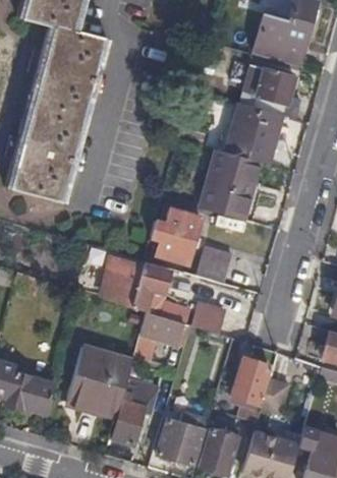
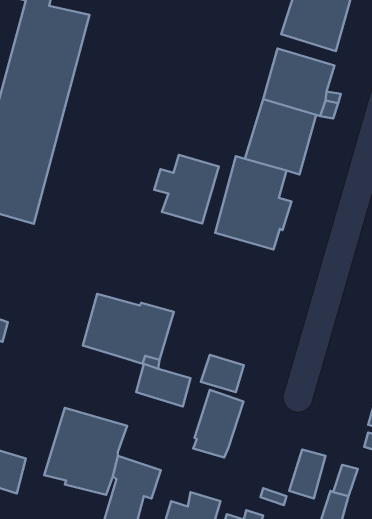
building: [150,208,201,262] -> [154,155,219,223]
building: [195,244,230,282] -> none
building: [229,356,269,409] -> [193,390,244,457]

